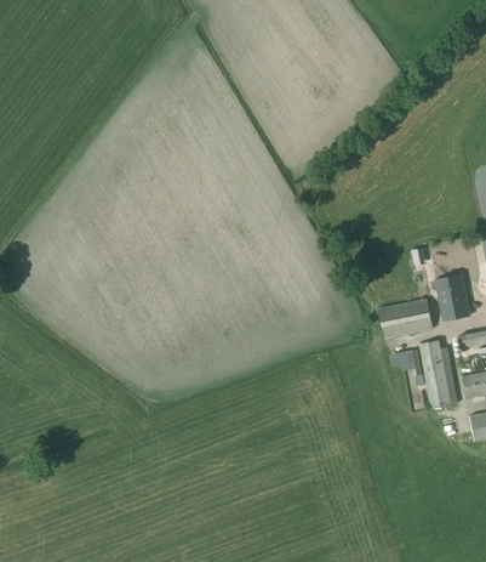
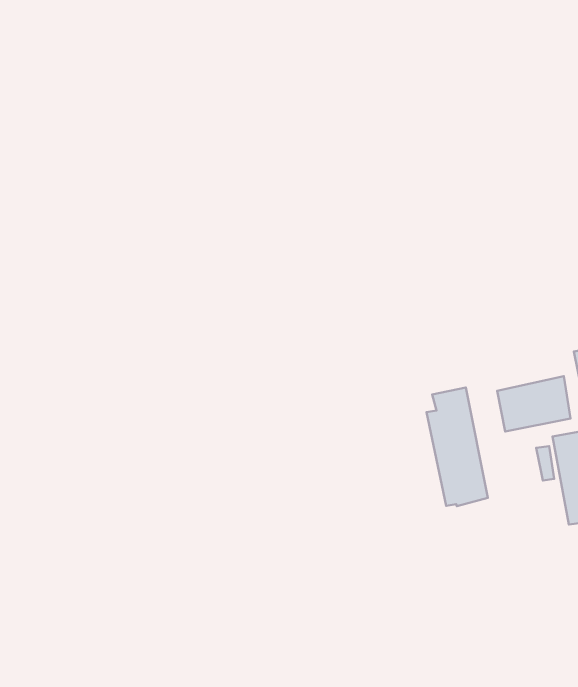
building: none -> [427,387,488,506]

